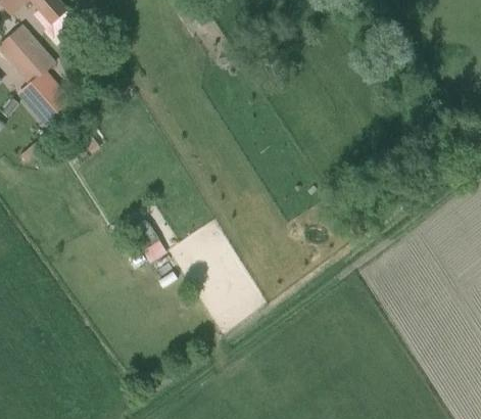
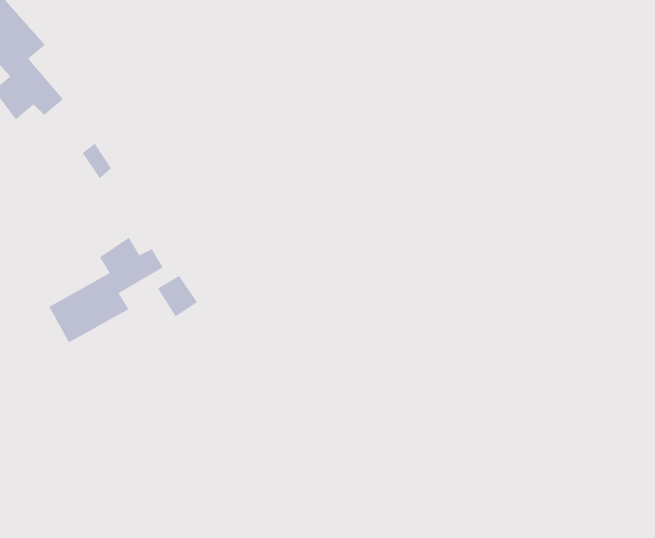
building: none -> [48,237,163,343]

